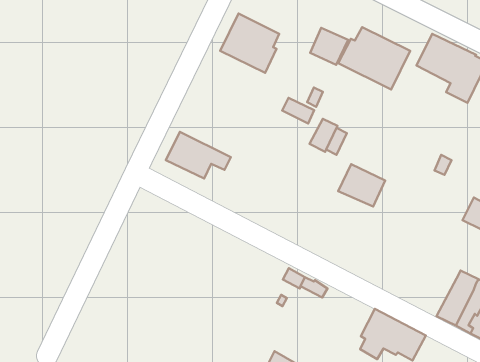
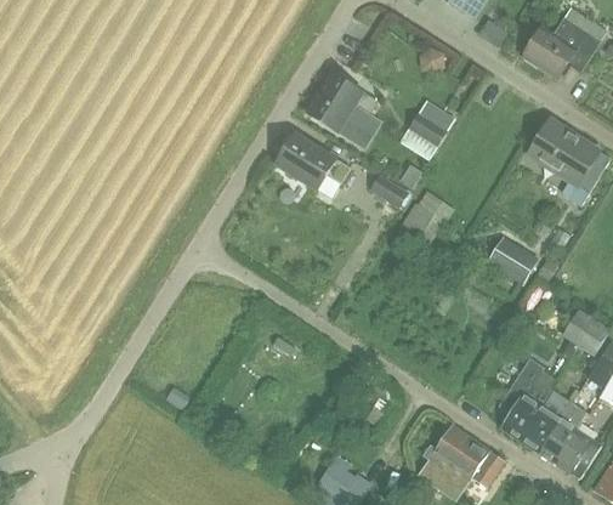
building: [338,27,410,90] -> none
building: [166,132,231,178] -> [277,132,351,188]
building: [338,164,385,207] -> [486,233,540,284]
building: none -> [501,369,555,439]

